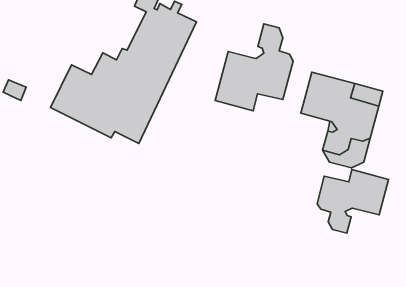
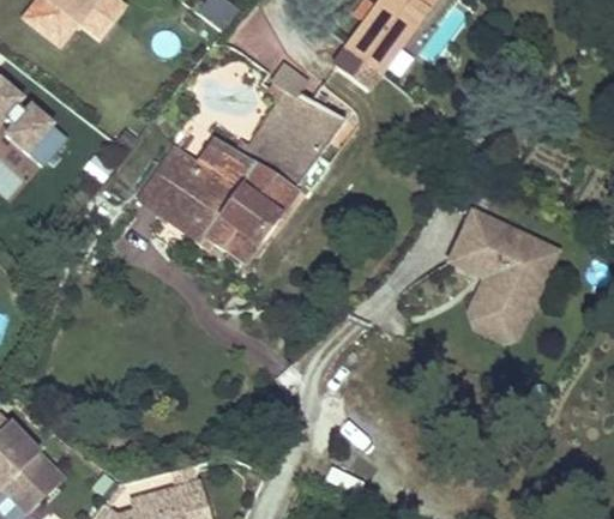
building: [215,24,293,111] -> none
building: [317,170,389,233] -> none

